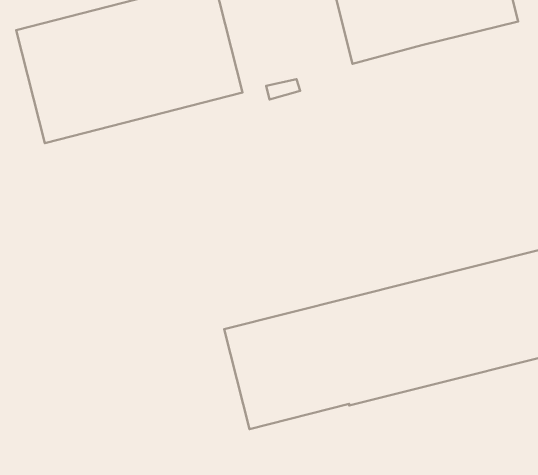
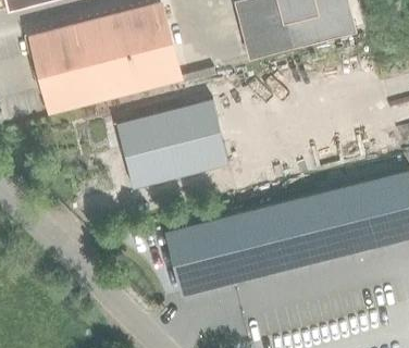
building: none -> [116,102,225,189]

